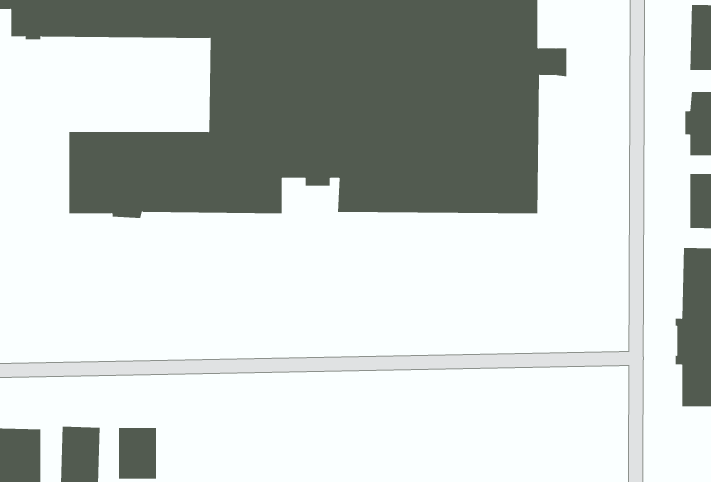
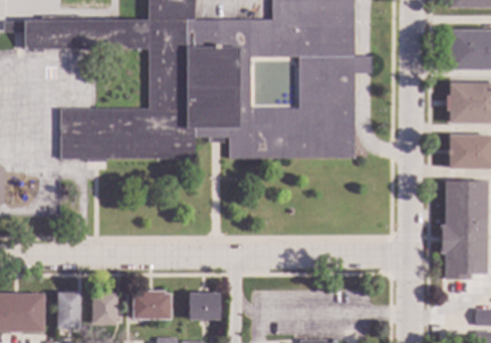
building: none -> [133,290,172,319]
building: none -> [190,292,220,319]

